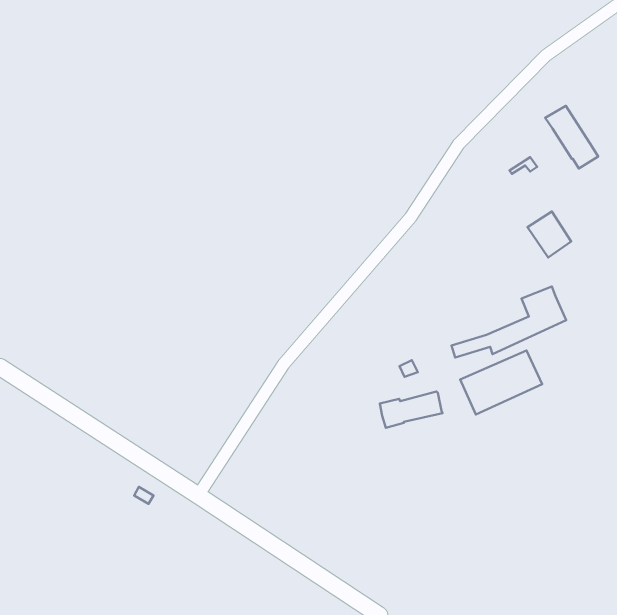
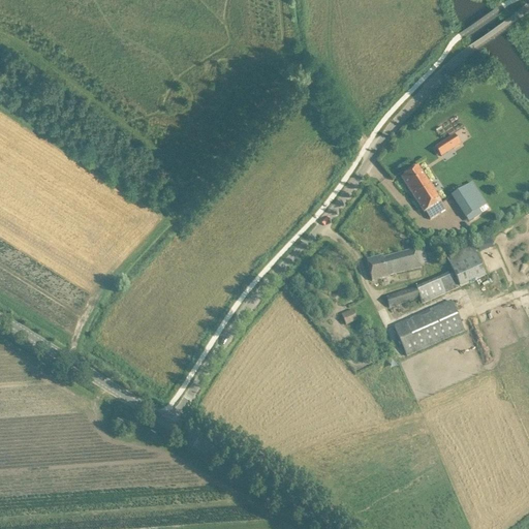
building: [545,106,598,169] -> [401,165,446,219]
building: [380,392,443,428] -> [367,248,421,279]

